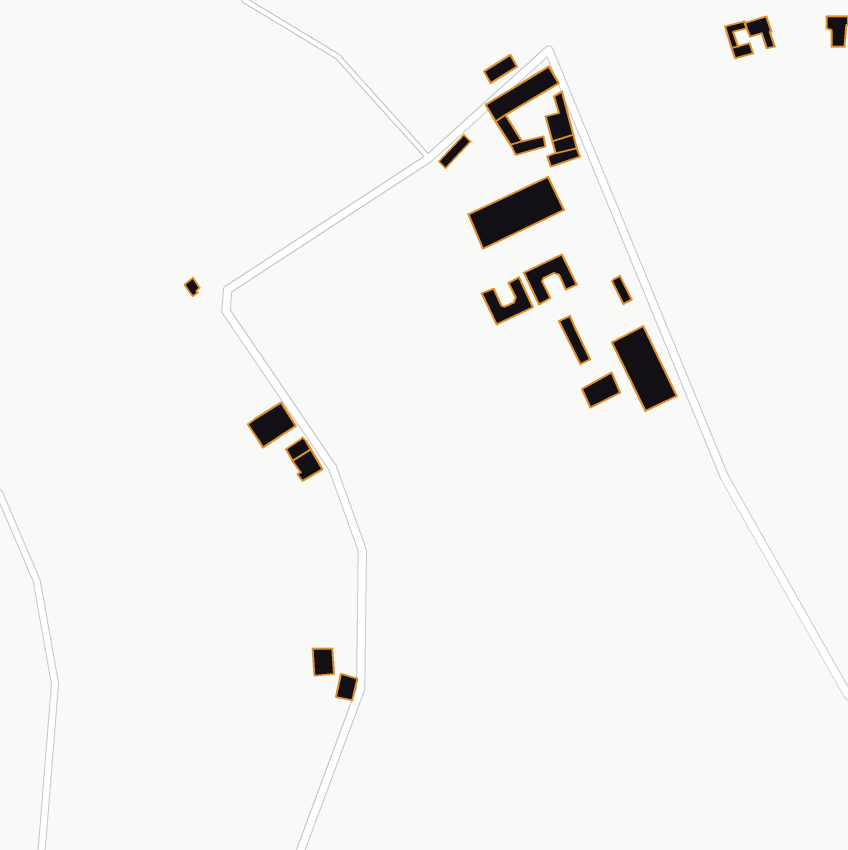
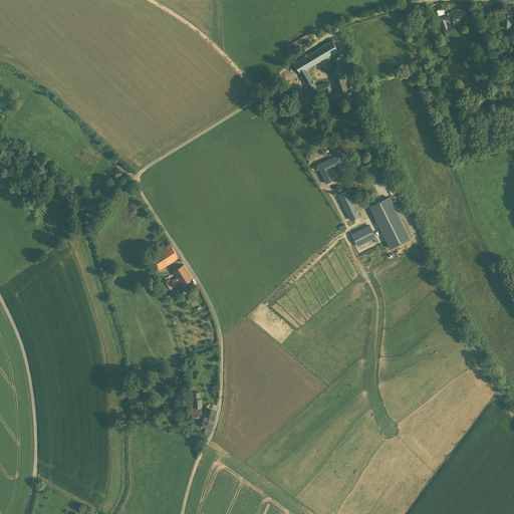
building: [468,177,564,249] -> none
building: [482,277,533,325] -> none

